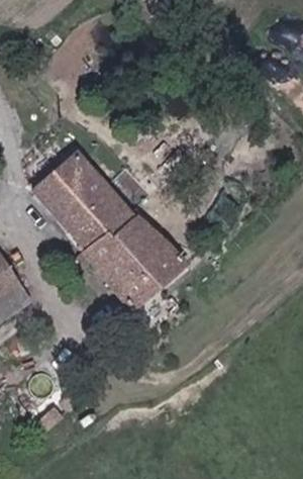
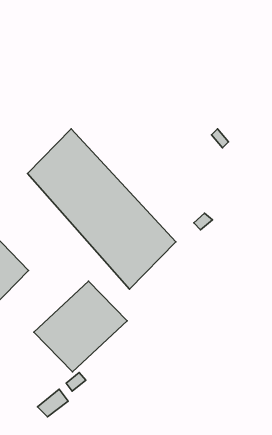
building: none -> [34,281,127,372]

